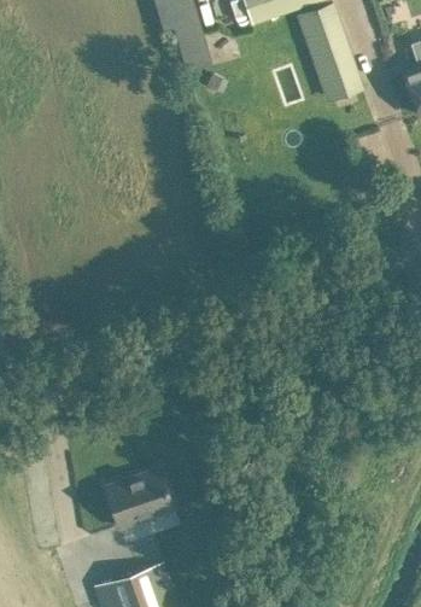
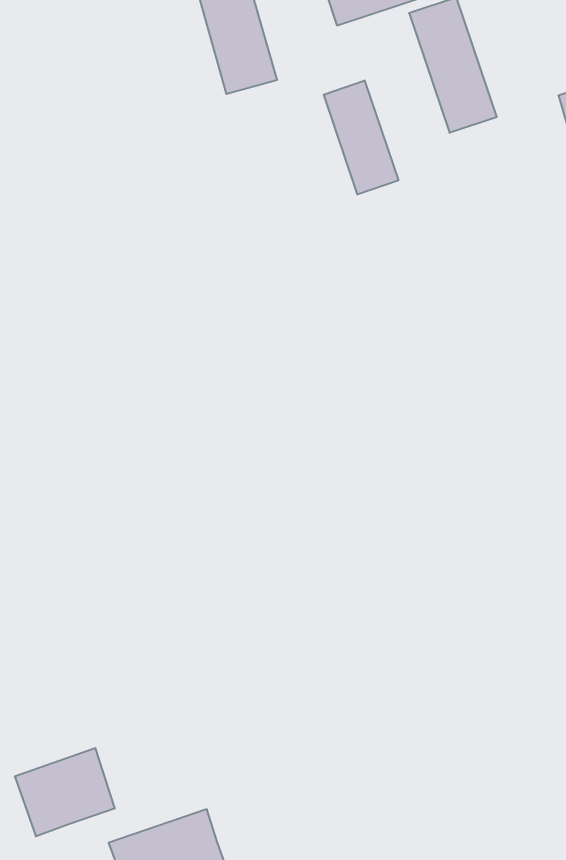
building: none -> [324,80,398,194]
building: [104,469,173,530] -> [15,748,115,836]

